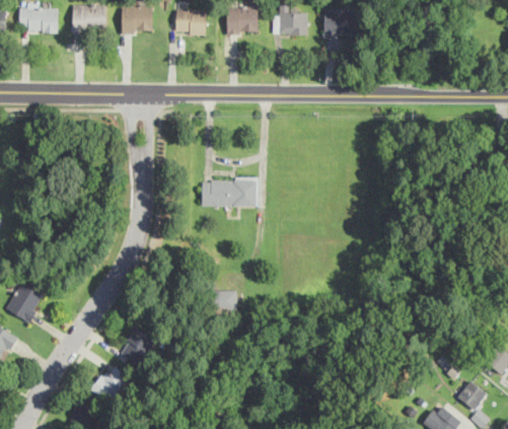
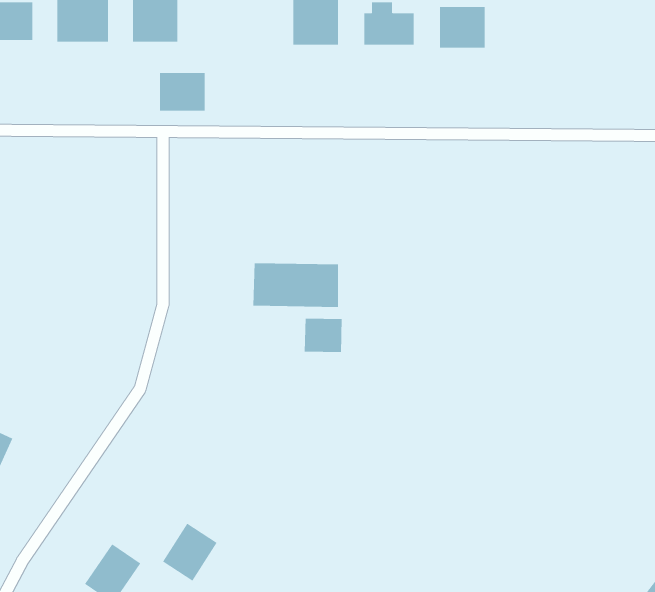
building: [175,10,206,35] -> [159,73,205,111]
building: none -> [304,318,342,353]
building: [211,290,236,312] -> none
building: [119,328,155,366] -> [162,523,218,581]

